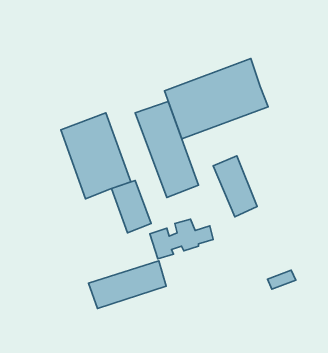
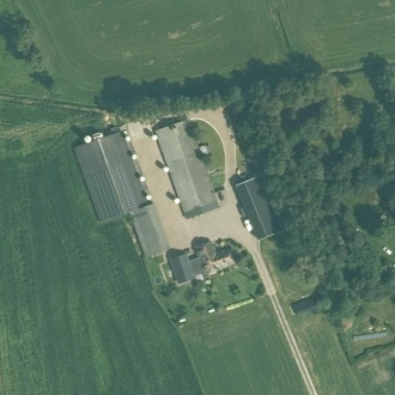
building: [165,58,268,139] -> none
building: [89,261,166,309] -> none

